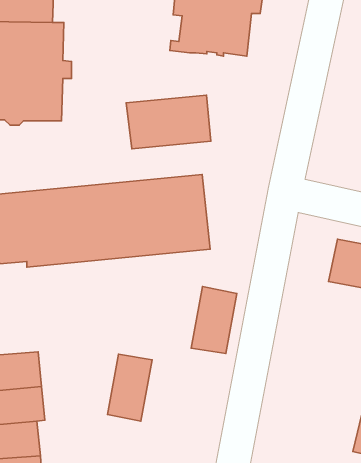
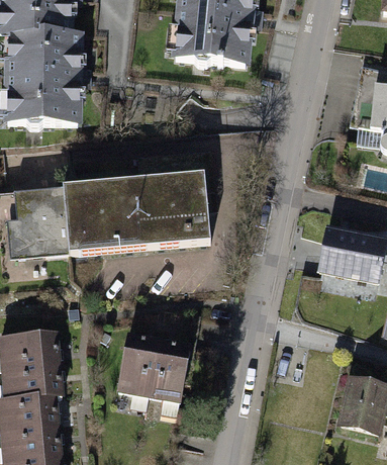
building: [126,95,211,149] -> none
building: [191,287,237,354] -> [149,339,190,399]

